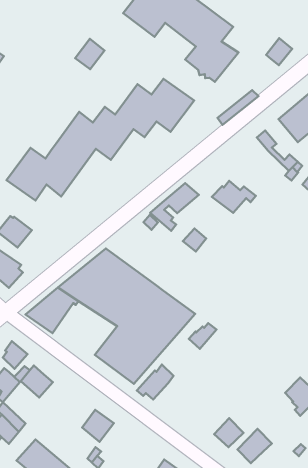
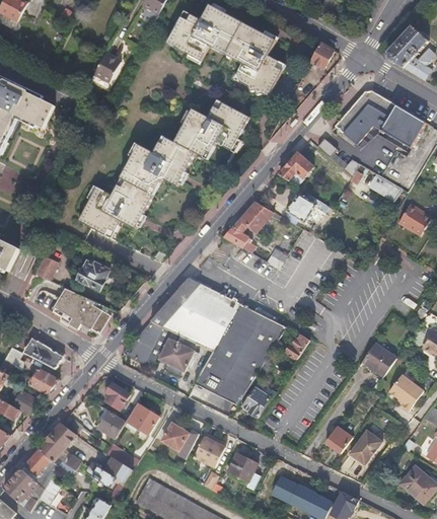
building: [75,39,104,69] -> [94,51,122,80]
building: none -> [279,151,314,184]
building: none -> [156,337,194,374]
building: none -> [360,340,393,370]
building: none -> [160,422,197,458]
building: none -> [226,452,256,480]

